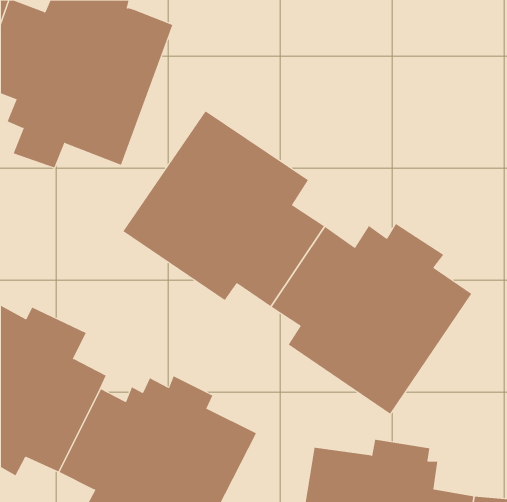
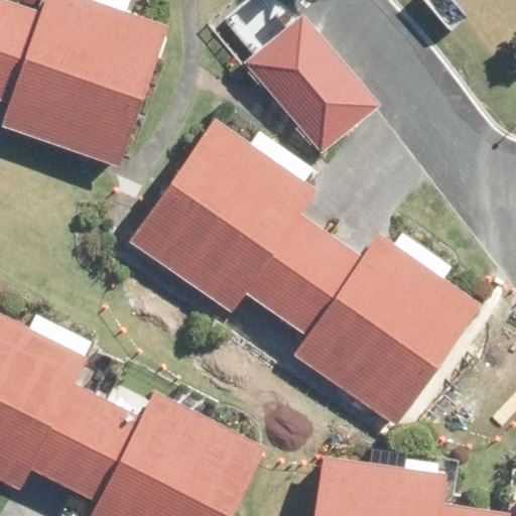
building: none -> [245,13,377,152]

